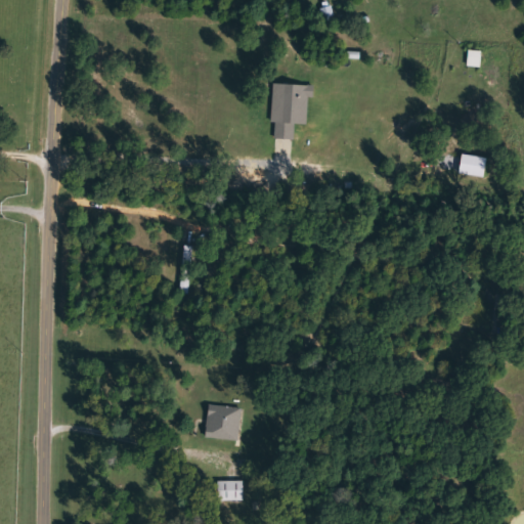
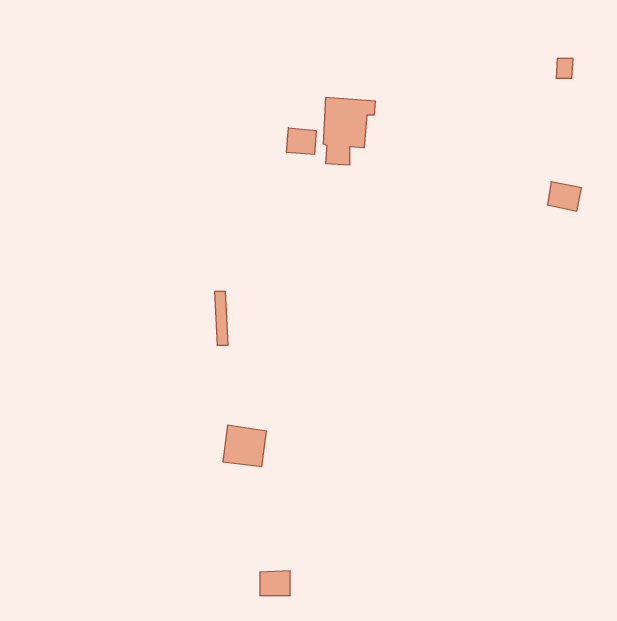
building: none -> [287,128,316,154]
building: [205,405,242,440] -> [223,425,267,467]

